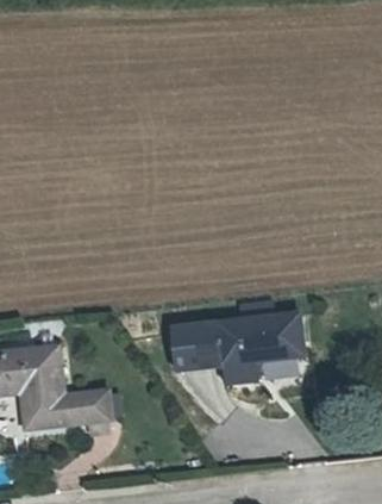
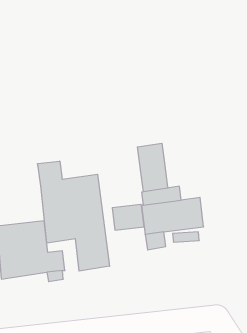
building: none -> [137,143,168,192]
building: none -> [38,161,110,271]

